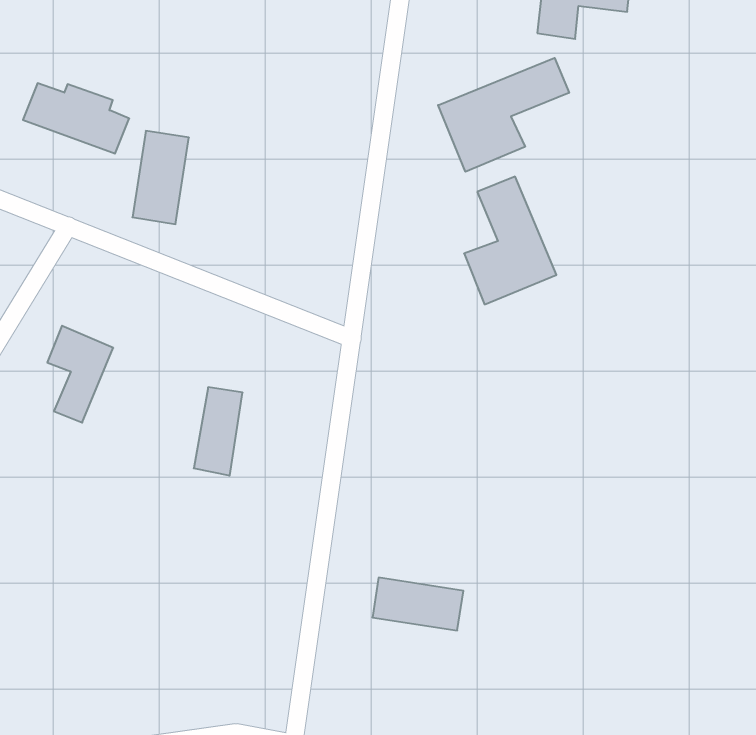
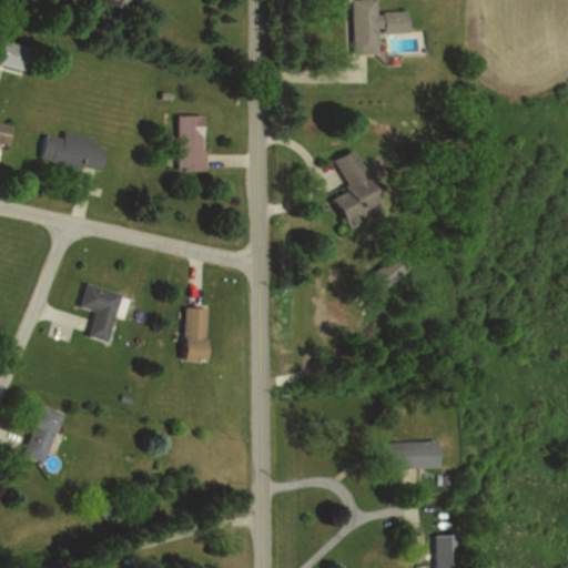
building: [438,58,569,172] -> none
building: [132,131,189,224] -> [180,115,207,171]
building: [372,578,463,630] -> [384,442,438,467]

